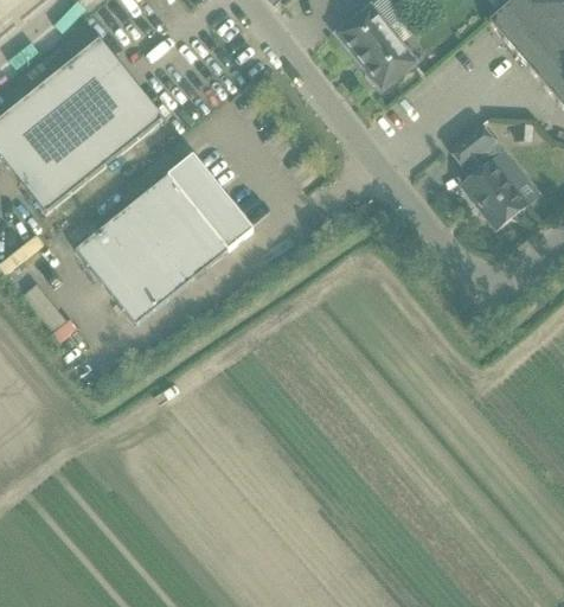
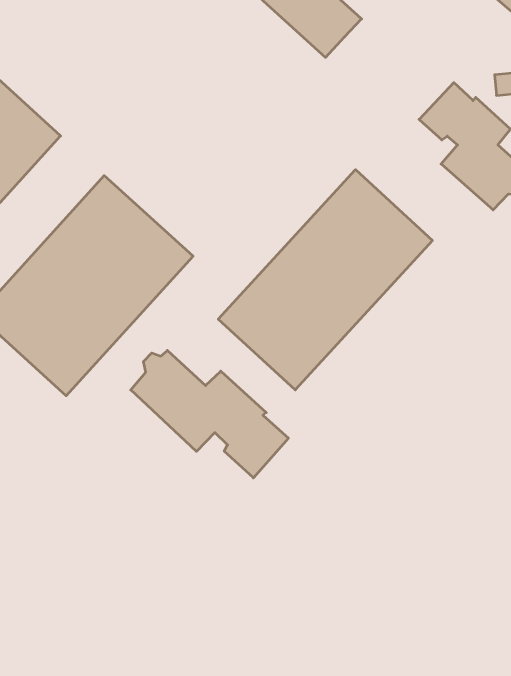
building: none -> [218,170,432,390]
building: none -> [131,350,288,478]

